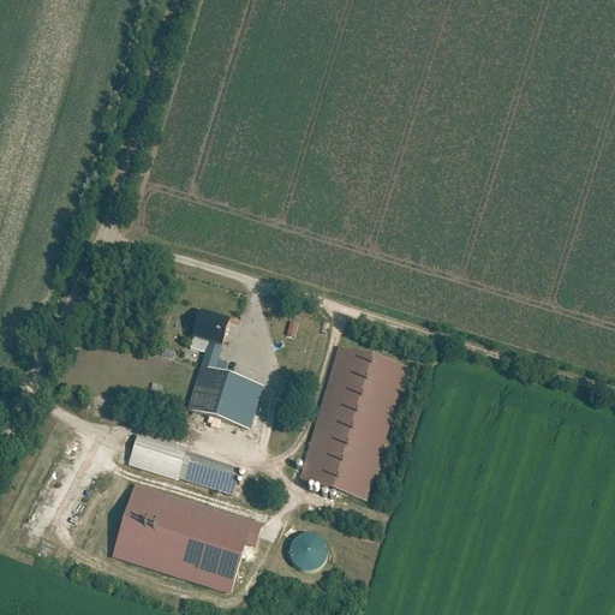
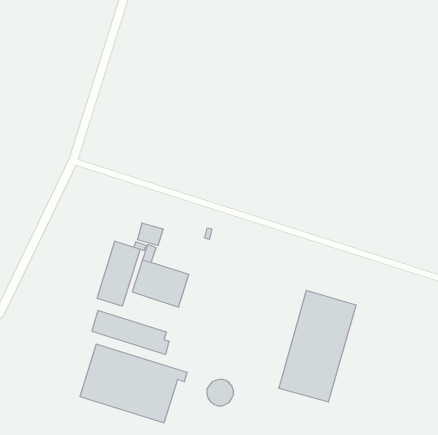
building: none -> [97,241,140,306]
building: [298,344,406,500] -> [279,290,356,402]

